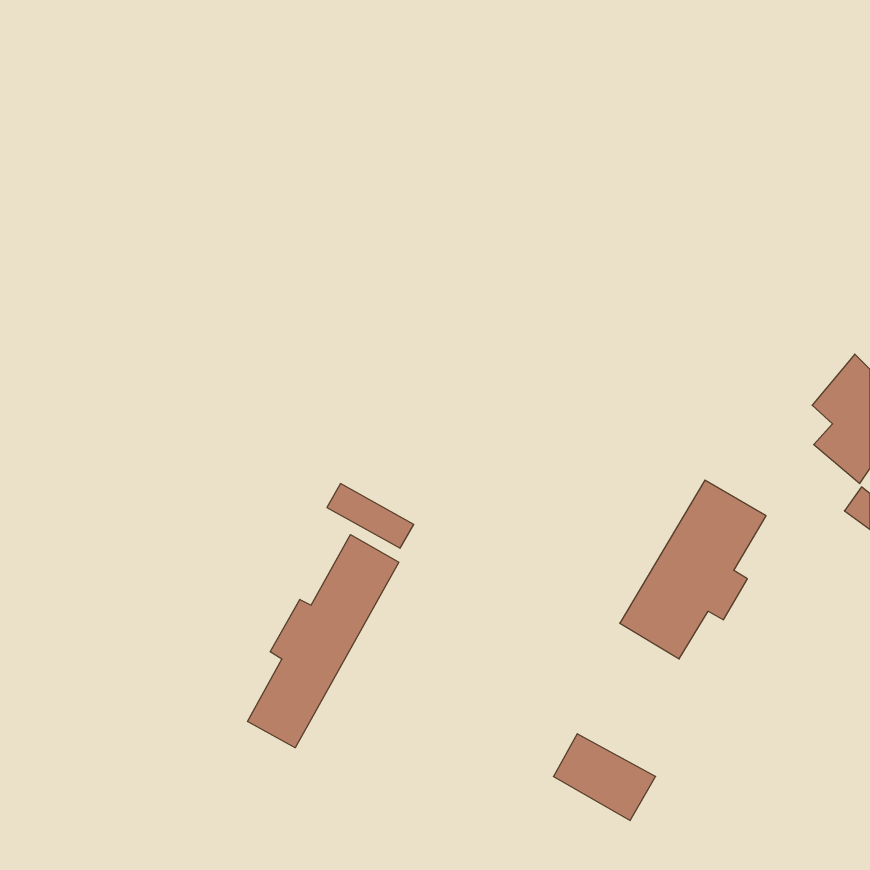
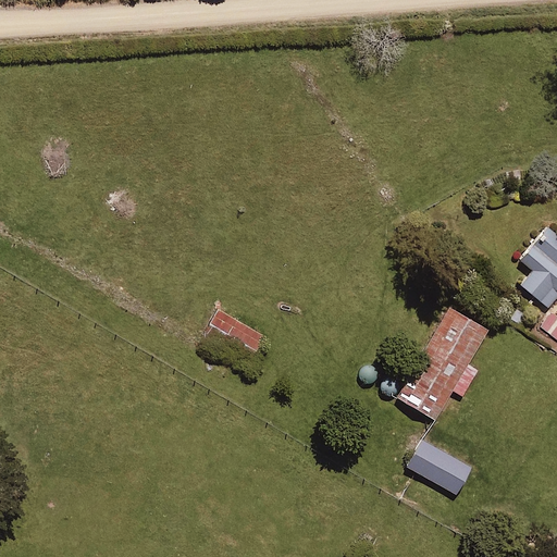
building: [248,535,399,748] -> none
building: [553,734,656,821] -> [407,440,472,495]

